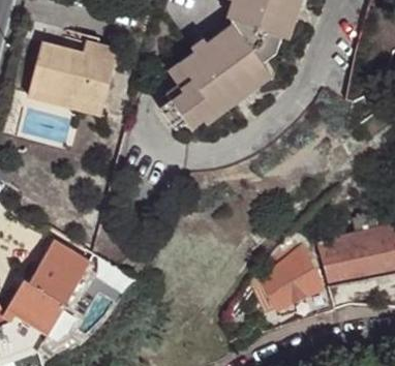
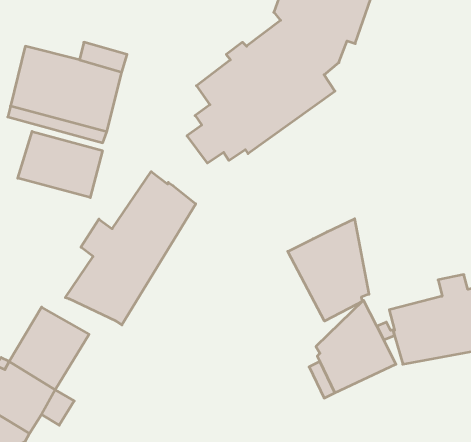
building: none -> [18,131,102,198]
building: none -> [65,172,196,325]
building: none -> [288,219,369,321]

